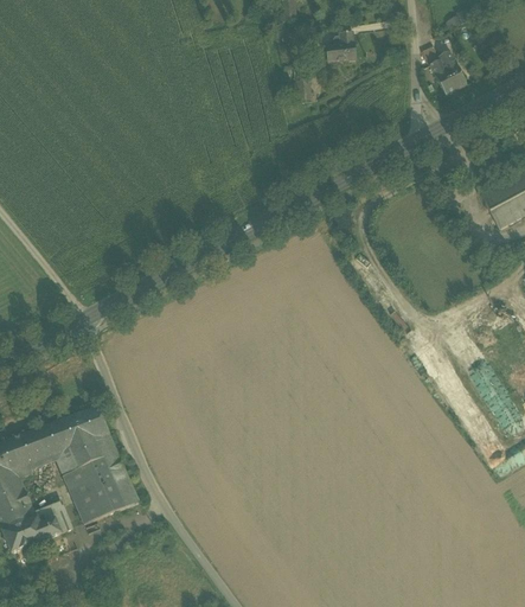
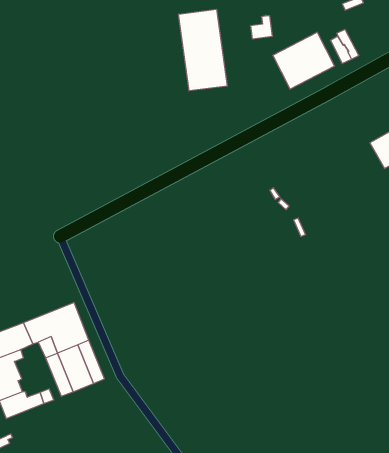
building: none -> [179,9,227,91]
building: none -> [273,32,335,89]

